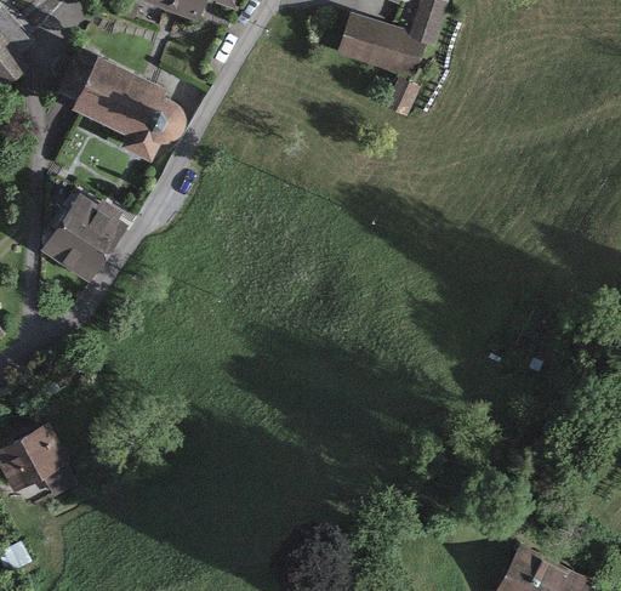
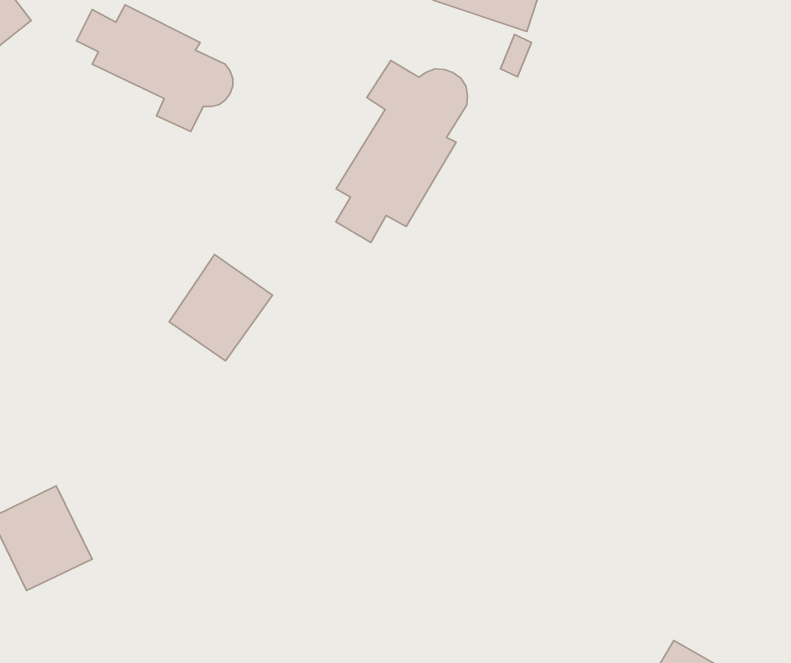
building: none -> [336,60,468,243]
building: [42,191,123,273] -> [169,255,272,361]

